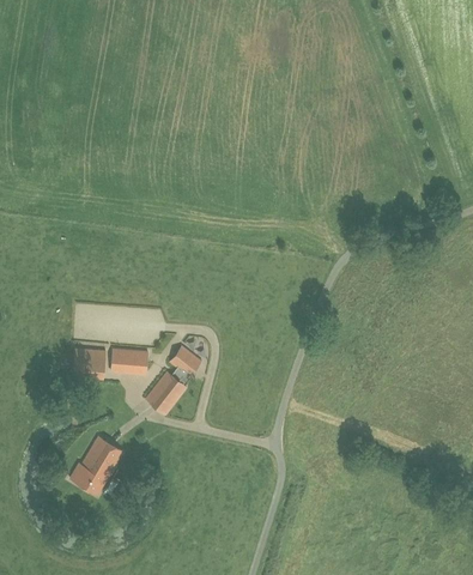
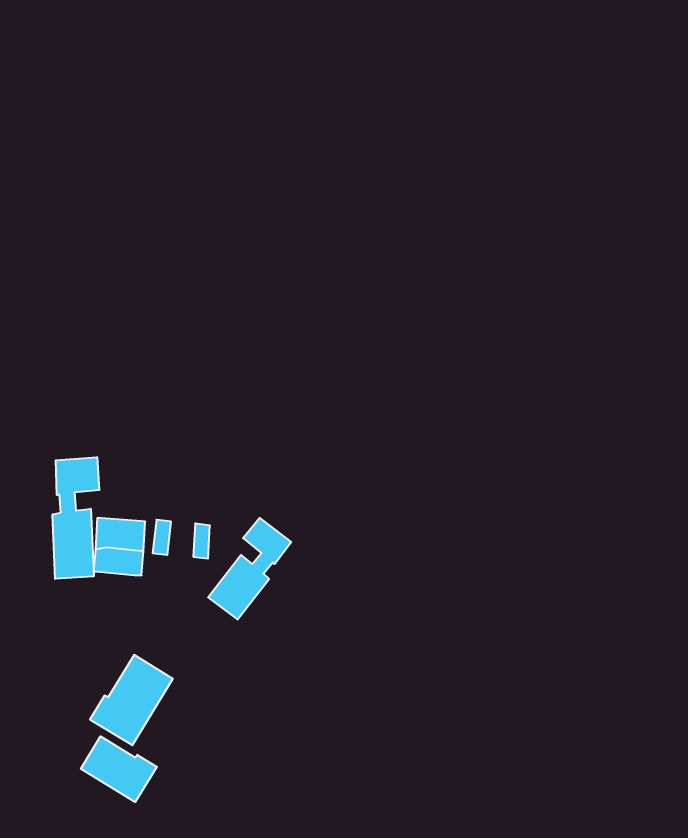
building: none -> [53,457,99,579]
building: none -> [81,736,157,802]

